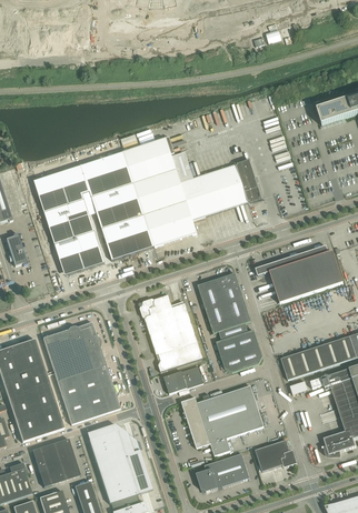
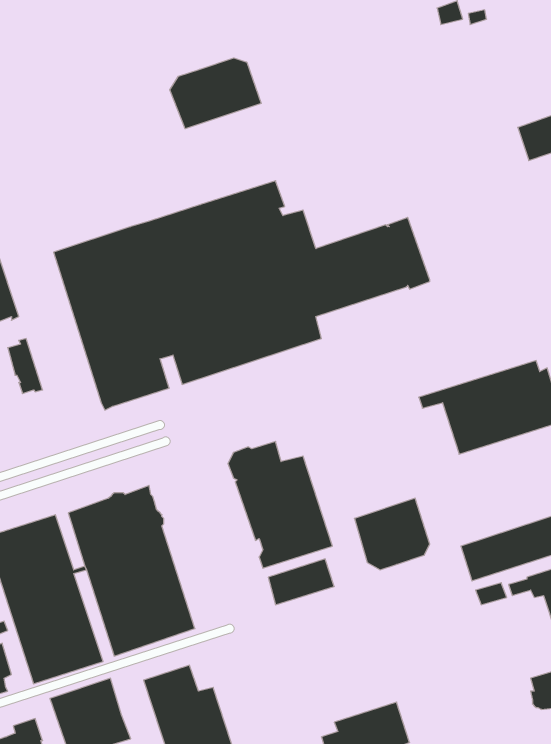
building: none -> [170,58,261,129]
building: [198,272,251,333] -> none
building: [182,384,265,455] -> none
building: [256,439,297,471] -> none

